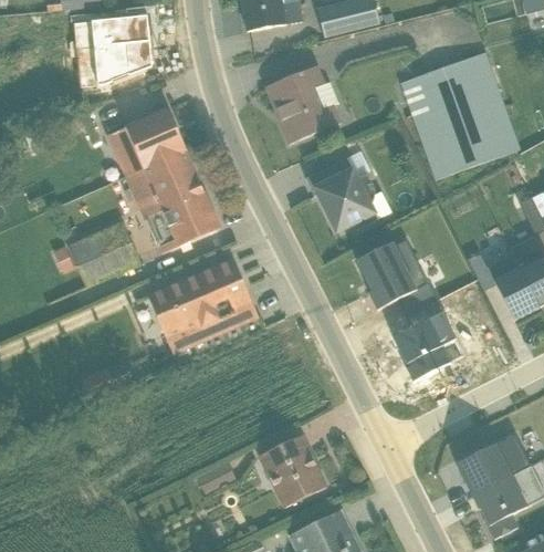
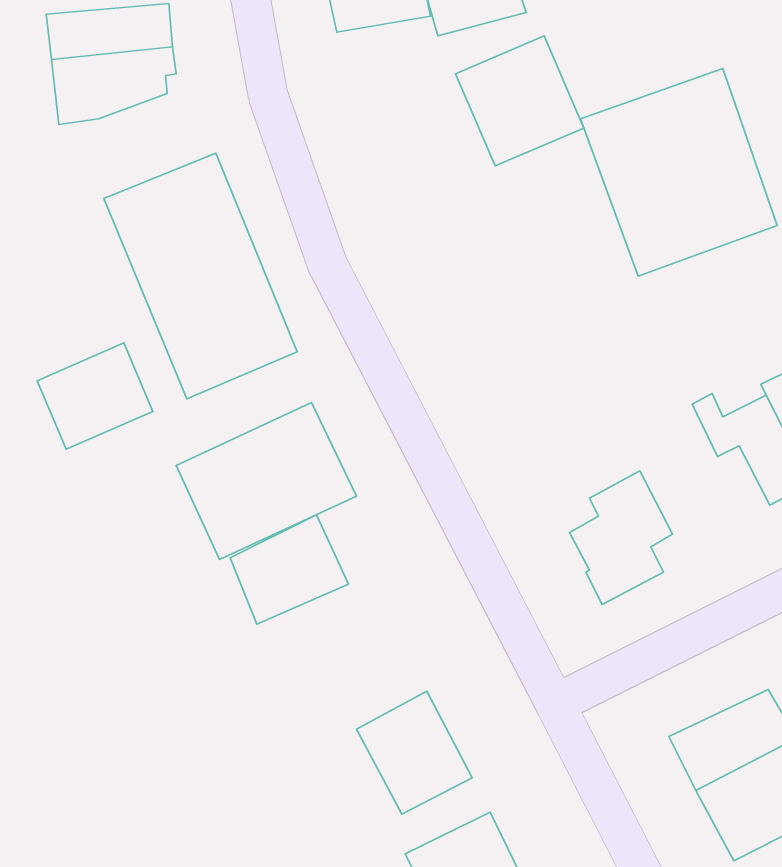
building: [264,66,343,146] -> [456,36,584,166]
building: [317,165,384,235] -> none
building: [355,240,418,309] -> none
building: none -> [230,515,349,624]

